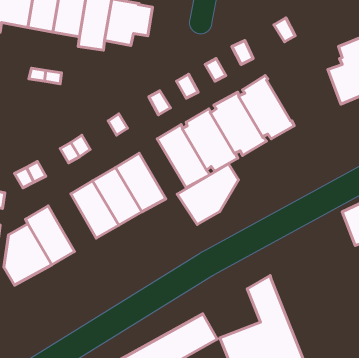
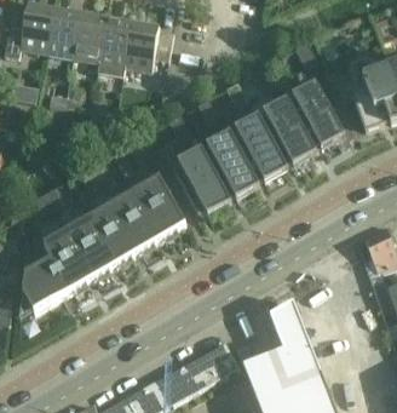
building: none -> [287,82,344,145]
building: [177,164,239,225] -> none
building: none -> [67,218,115,276]

